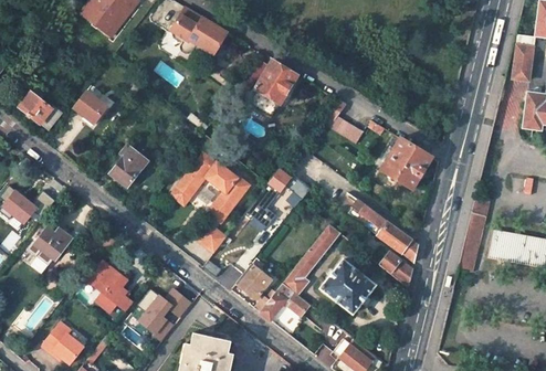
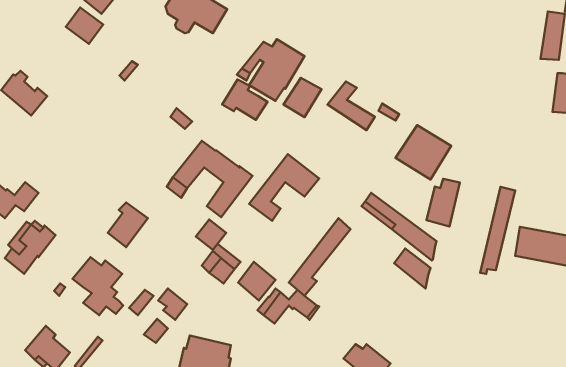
building: [73,91,107,124] -> [66,7,103,44]
building: none -> [284,78,322,117]
building: none -> [222,79,267,120]
building: [111,147,147,188] -> [108,202,148,247]
building: none -> [427,179,460,226]
building: [322,262,372,312] -> none
building: [138,295,171,330] -> none

